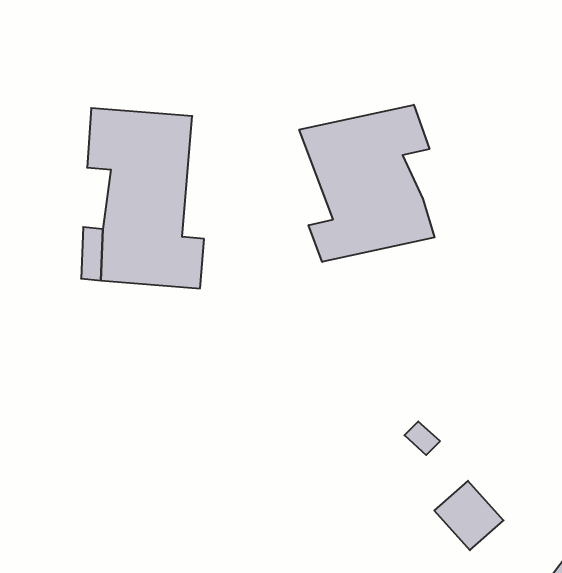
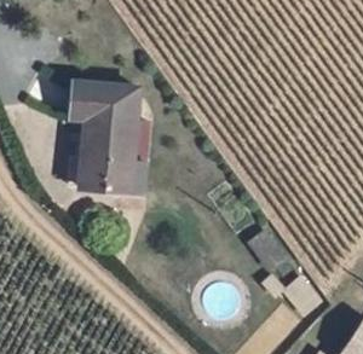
building: [299,105,435,262] -> none

